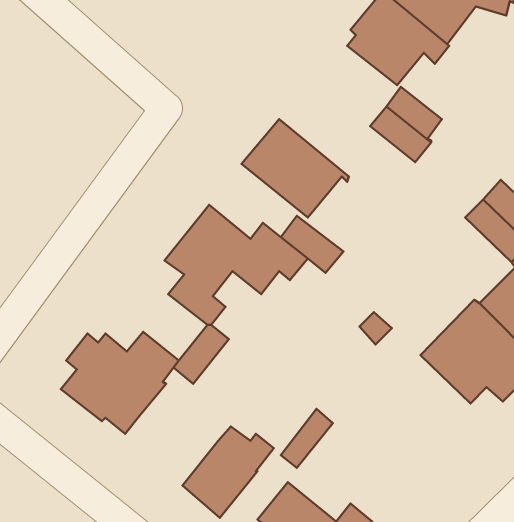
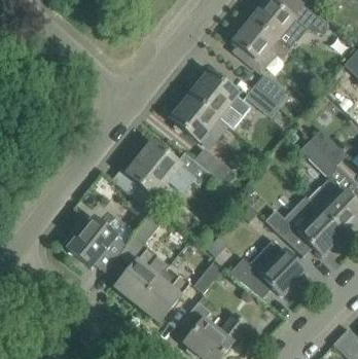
building: none -> [192,70,249,124]
building: none -> [226,238,305,297]
building: none -> [114,247,168,302]

